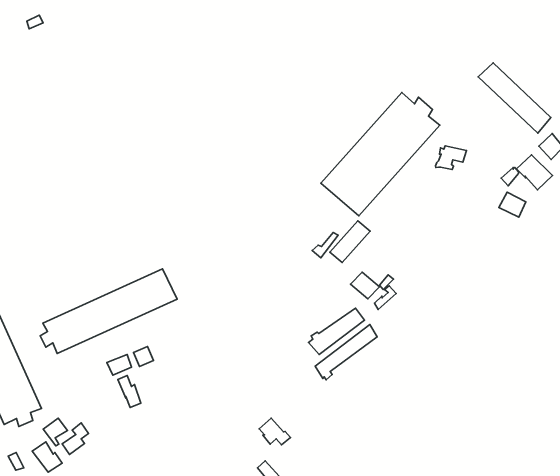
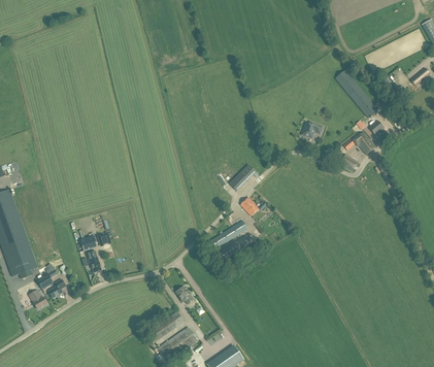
building: [321,92,440,216] -> none
building: [40,269,177,353] -> none

